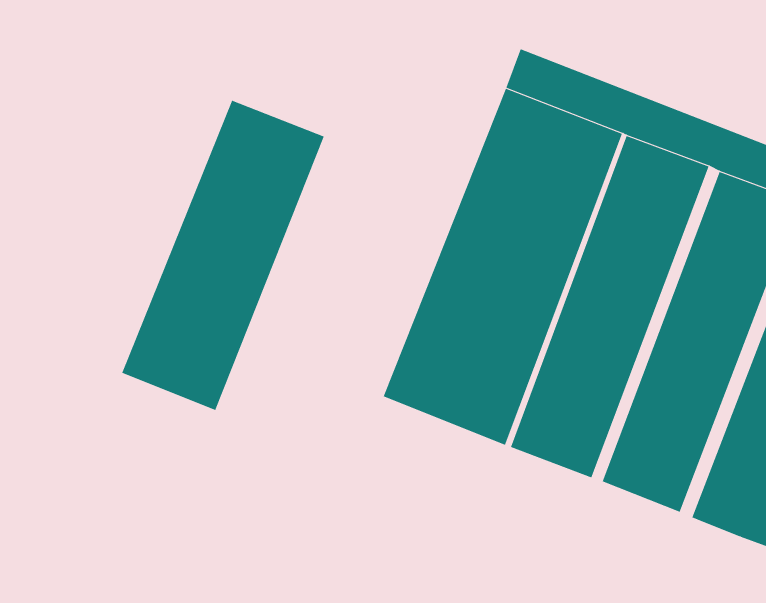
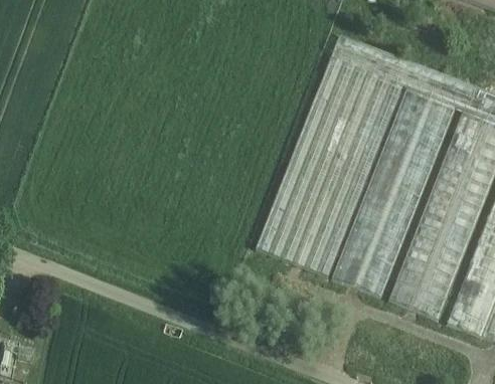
building: [122,100,325,411] -> none

